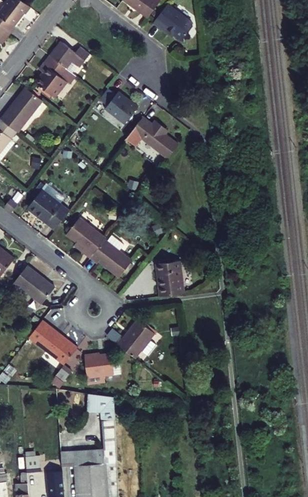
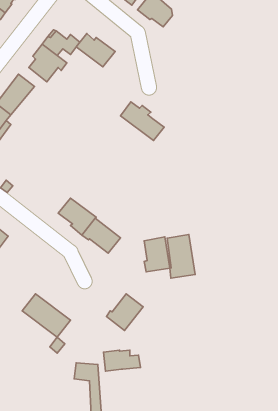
building: [98,90,139,125] -> [76,34,115,67]
building: [28,190,72,229] -> none
building: none -> [167,234,195,278]
building: [16,268,56,305] -> none
building: [86,355,125,377] -> [104,350,140,371]

